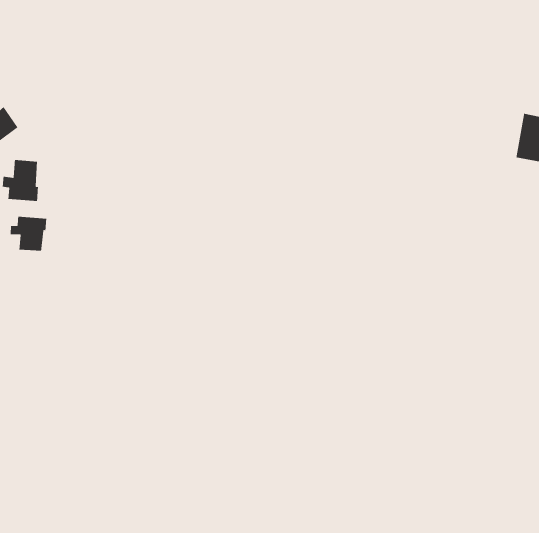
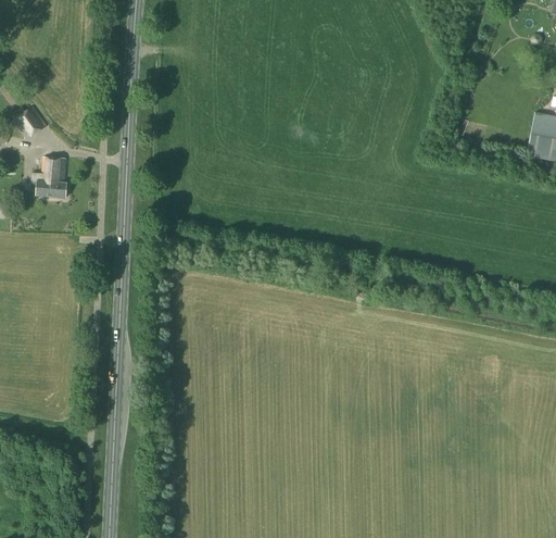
building: [10,216,47,251] -> none

